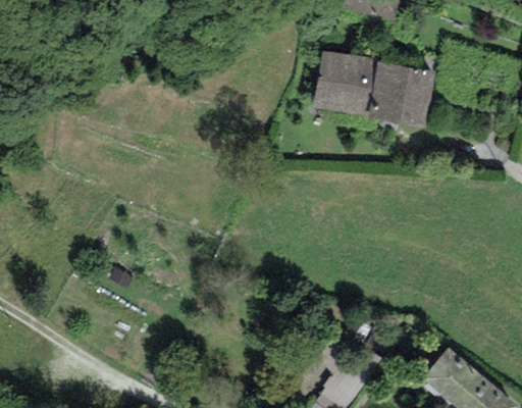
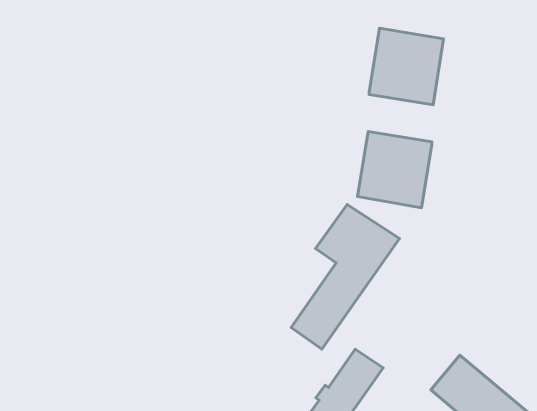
building: [312,49,377,116] -> [358,132,432,208]
building: none -> [291,204,400,349]

